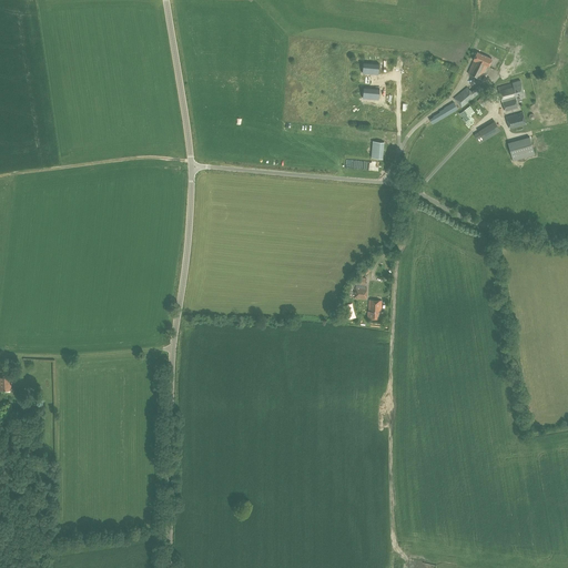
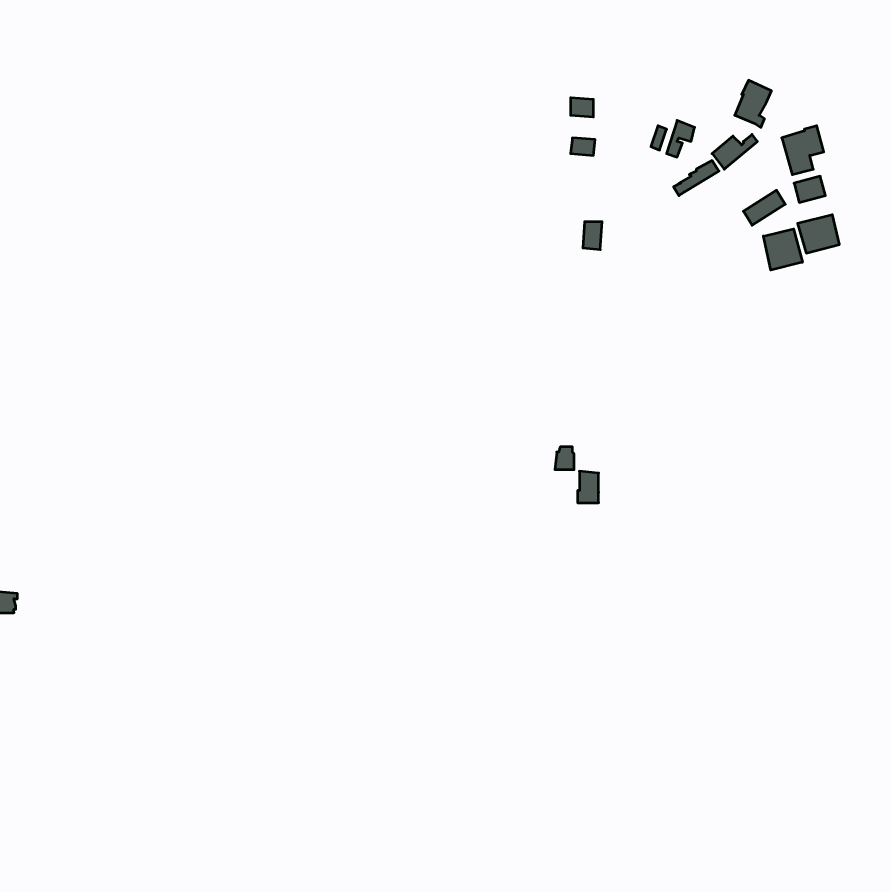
building: none -> [763,229,802,270]

